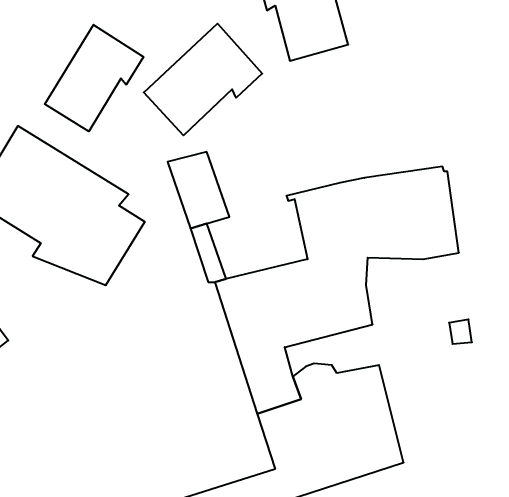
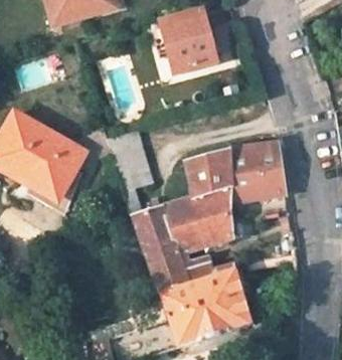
building: [144,24,262,135] -> none
building: [45,25,143,131] -> none

